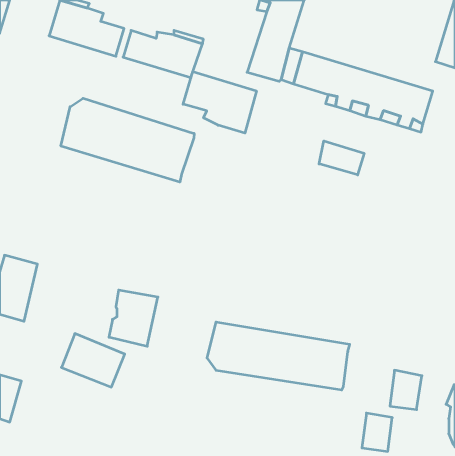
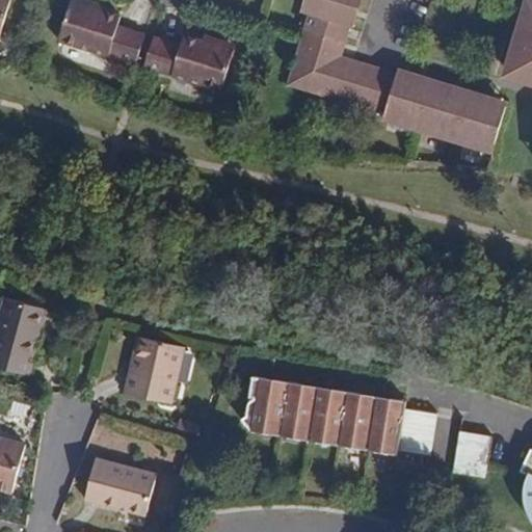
building: [183,72,256,133] -> none
building: [61,98,194,182] -> none
building: [319,141,364,175] -> none
building: [61,334,125,387] -> [79,458,153,521]
building: [362,413,392,451] -> [400,409,435,454]

